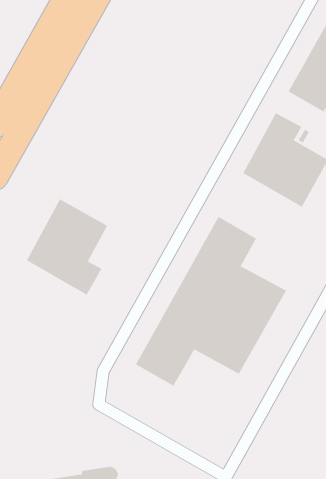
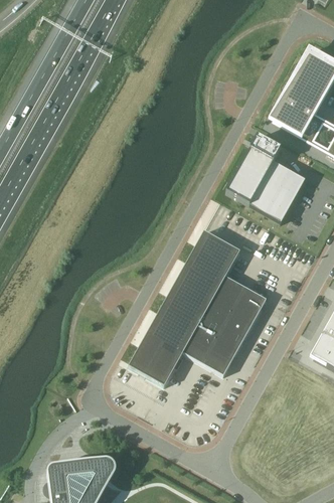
building: [26,199,108,295] -> none

